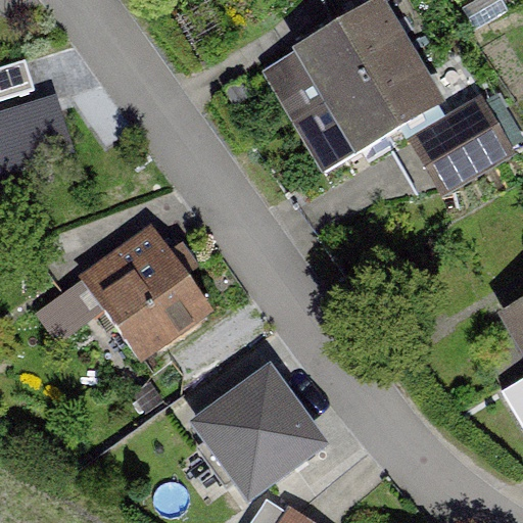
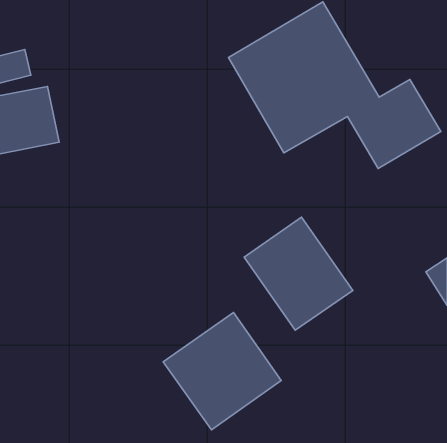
building: [79,221,216,362] -> none
building: none -> [244,217,353,330]

